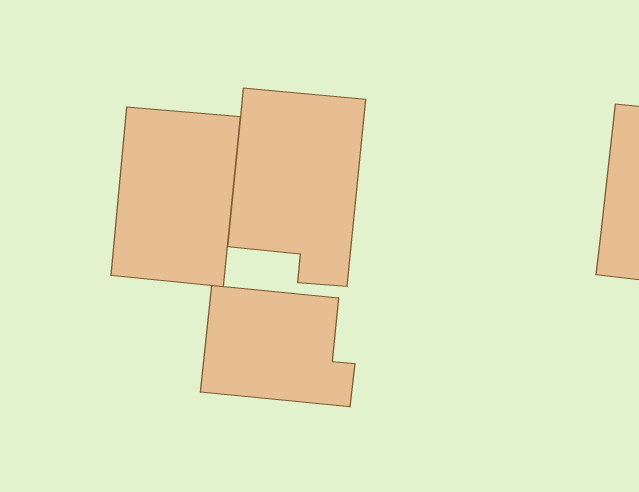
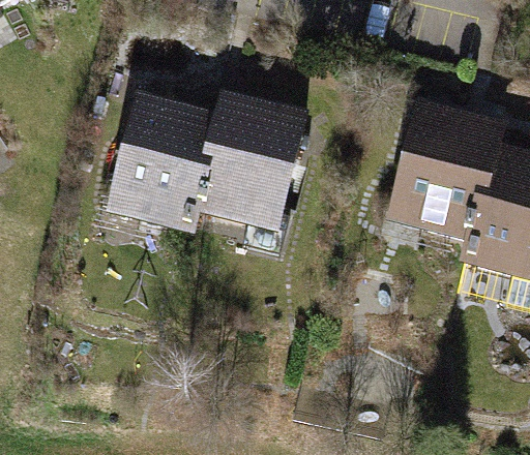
building: none -> [386,105,501,245]
building: [201,285,355,407] -> none

